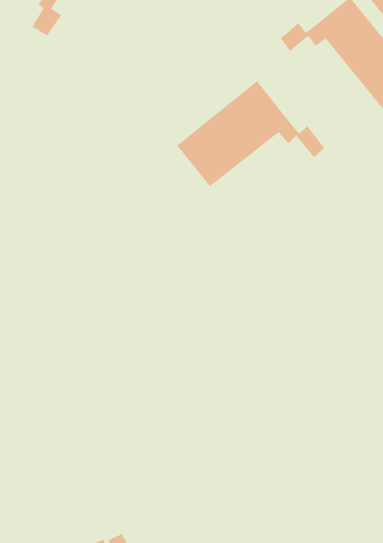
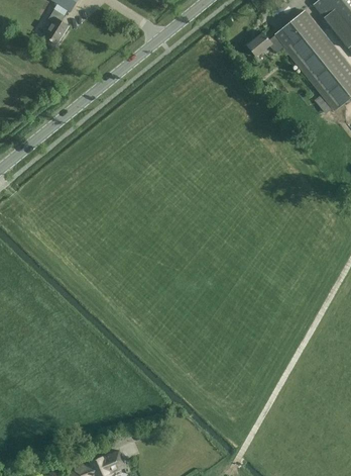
building: [176,80,325,187] -> none

